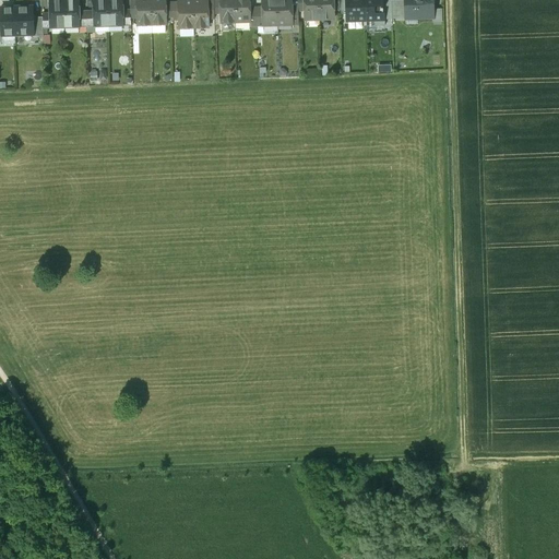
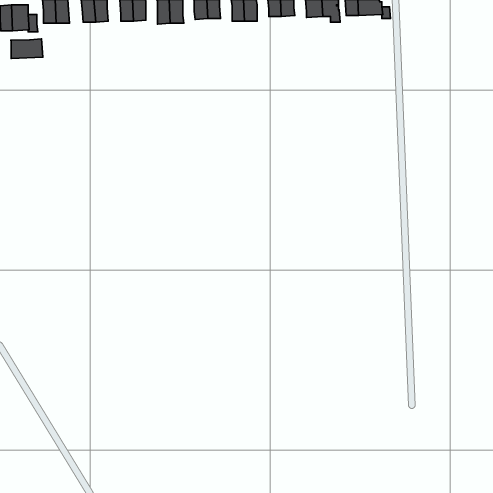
building: none -> [11,39,43,58]

